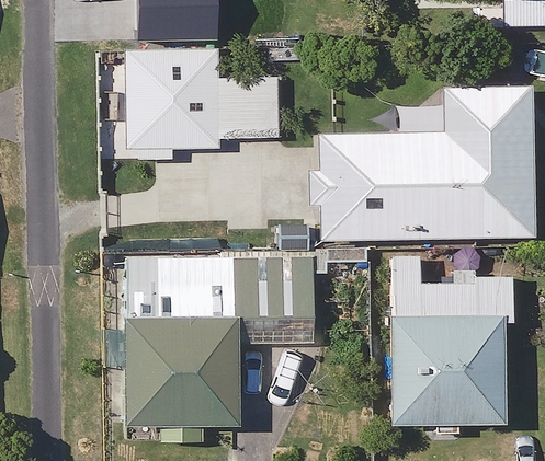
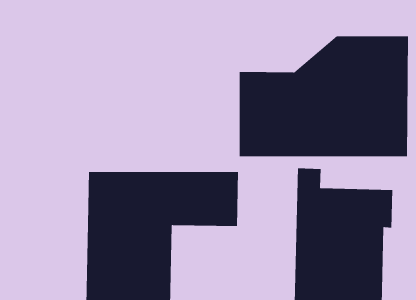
building: [127,49,254,149] -> none

